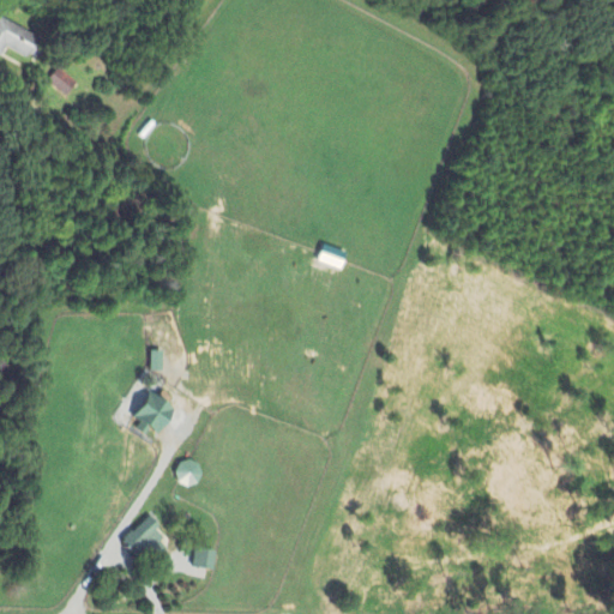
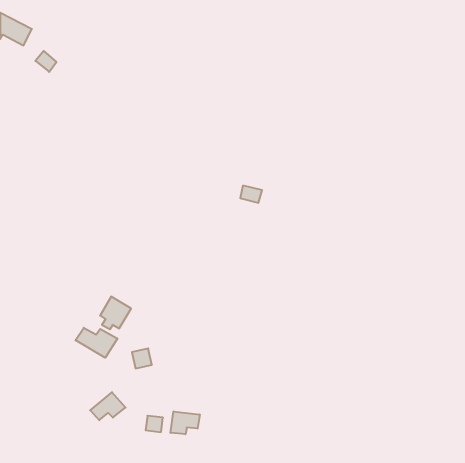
building: none -> [75,328,117,358]
building: none -> [171,411,200,434]

